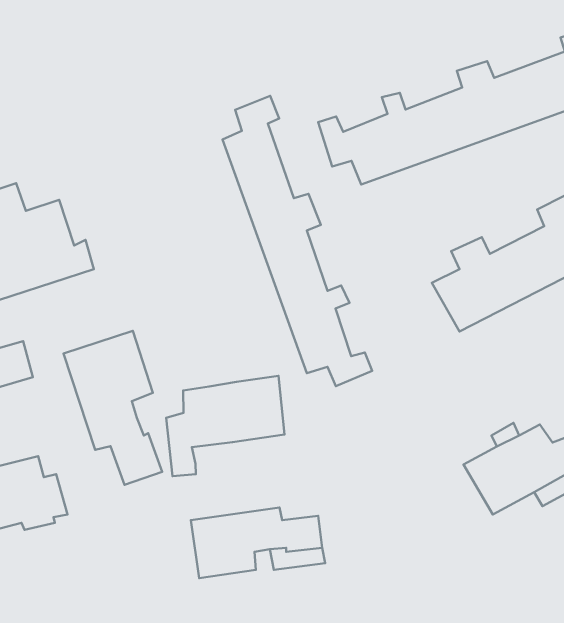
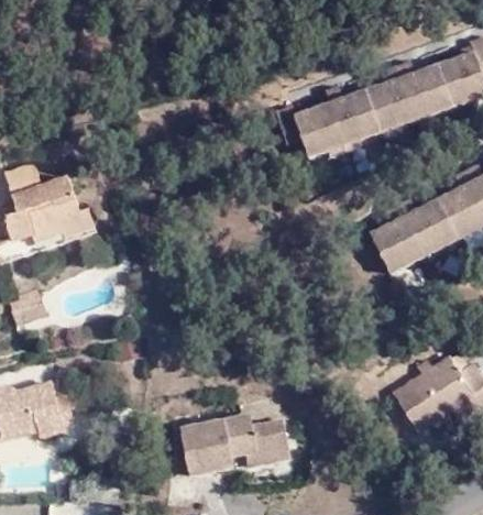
building: [223,96,372,386] -> none
building: [64,331,162,485] -> none
building: [166,376,285,476] -> none

